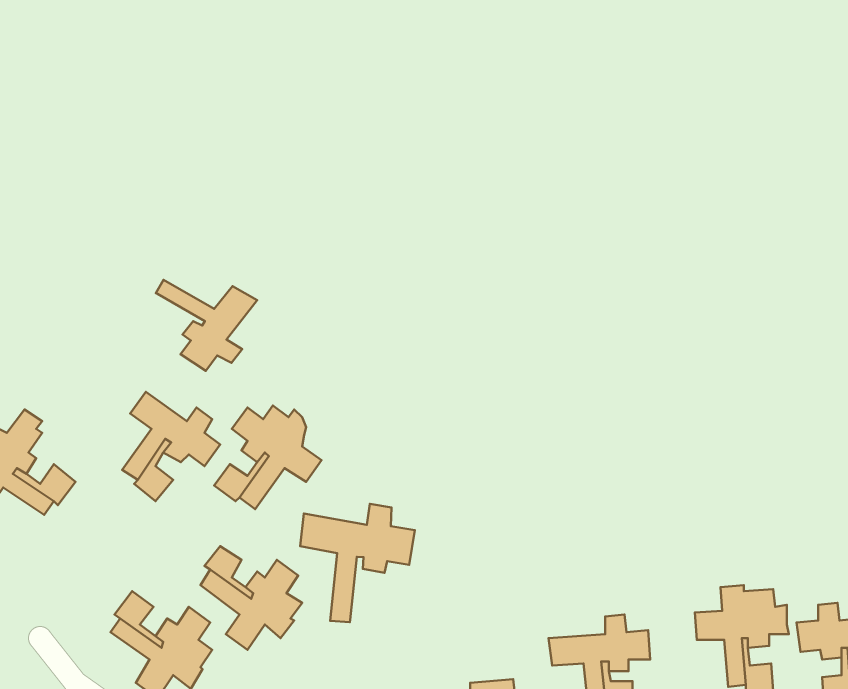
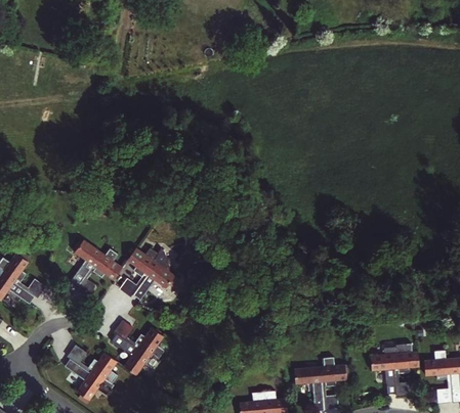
building: [156,280,257,371] -> none
building: [300,504,415,622] -> none

